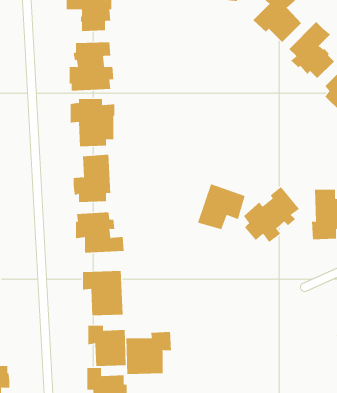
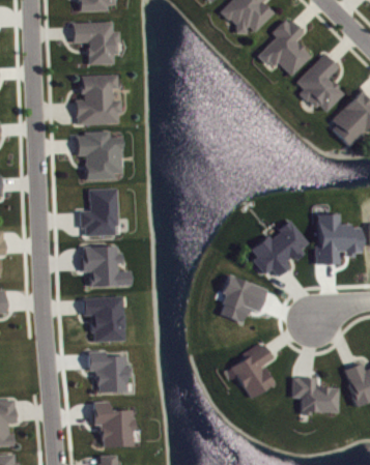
building: [197,184,246,230] -> [222,283,271,329]
building: none -> [229,343,272,397]
building: [126,331,172,375] -> none
building: none -> [290,377,337,414]

